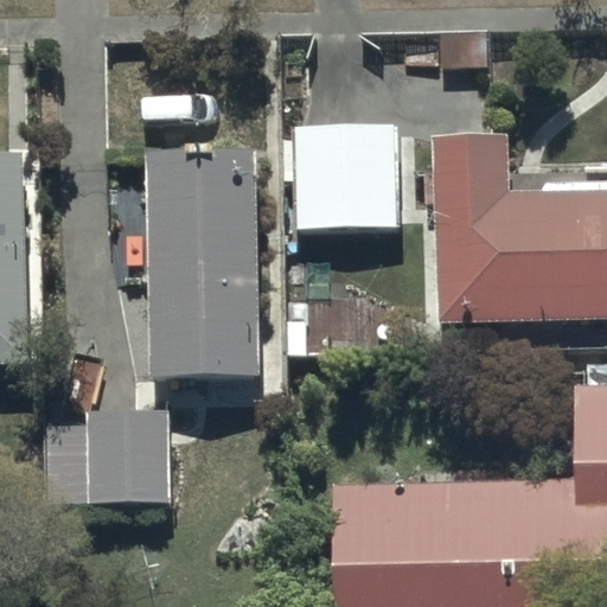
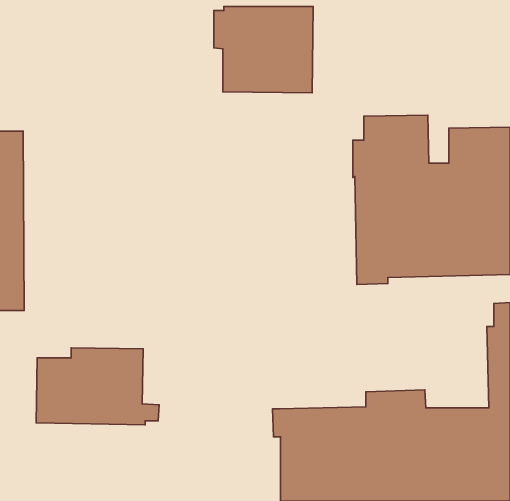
building: [283,127,401,229] -> [214,7,313,93]
building: [147,145,260,377] -> none

